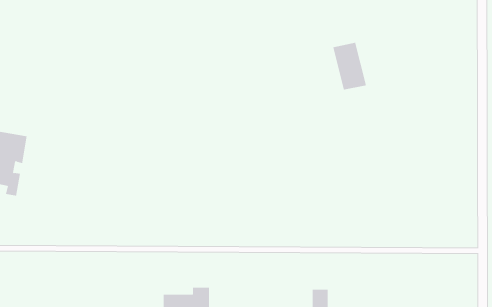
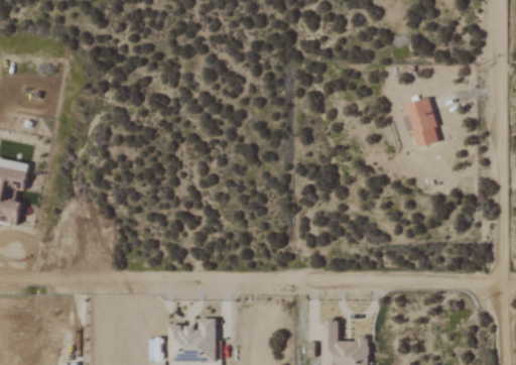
building: [332,42,367,90] -> [400,99,435,148]

